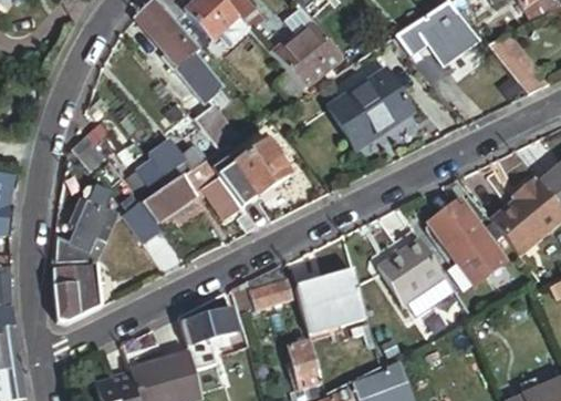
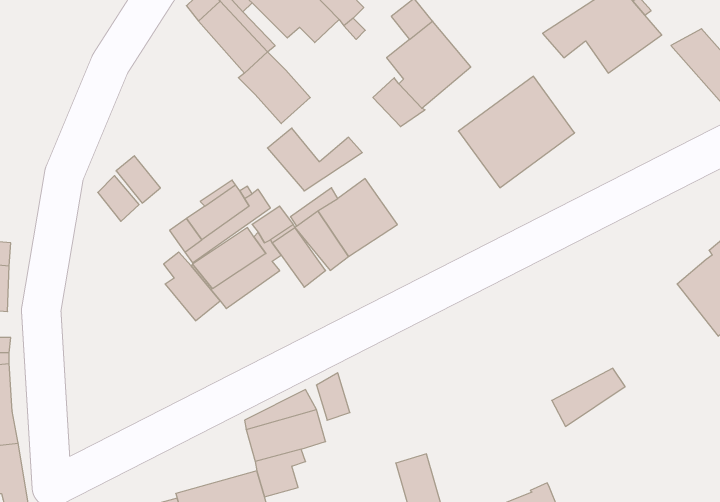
building: [52,198,116,261] -> none
building: [426,206,506,288] -> none
building: [380,241,445,301] -> none
building: [52,264,98,321] -> none
building: [246,266,290,310] -> none
building: [295,271,366,333] -> none

